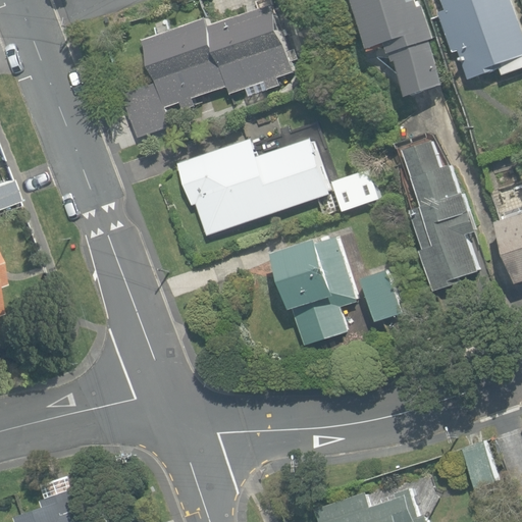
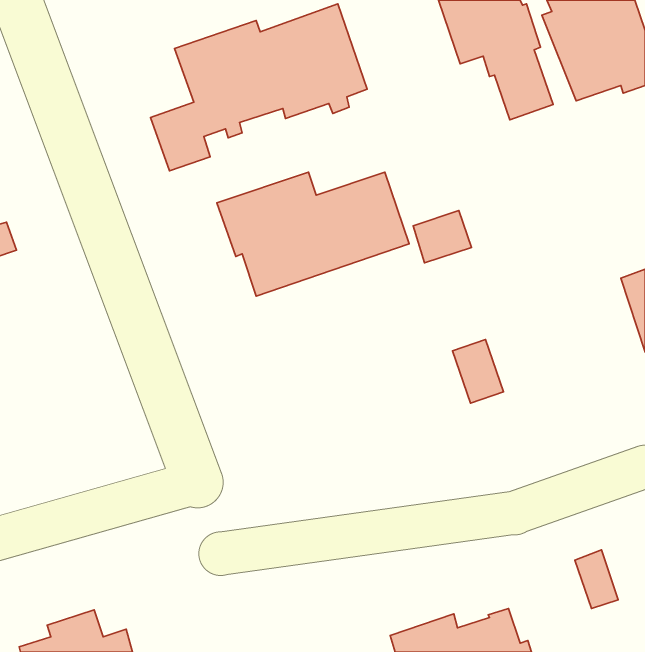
building: [403,141,476,291] -> none
building: [274,237,356,346] -> none

